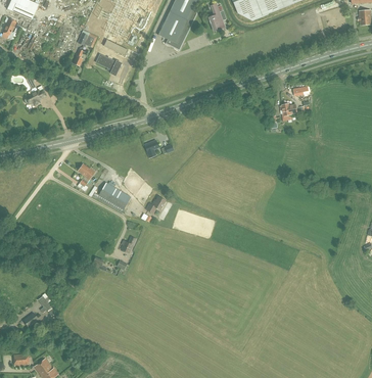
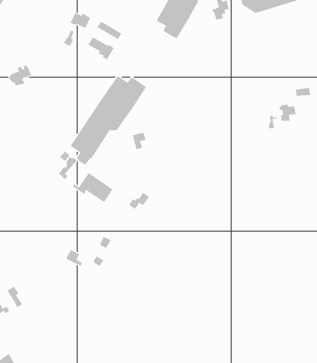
building: none -> [70,75,146,165]

